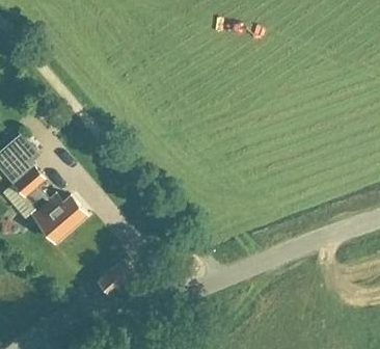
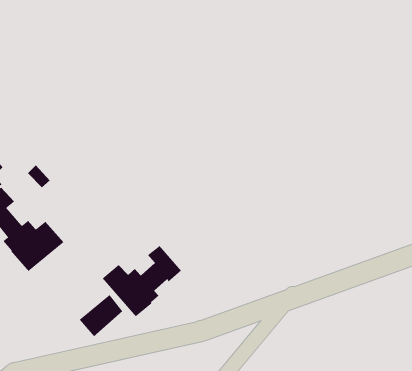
building: none -> [102,245,182,317]

